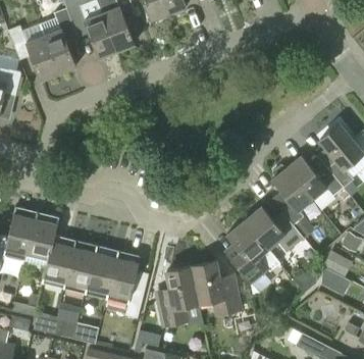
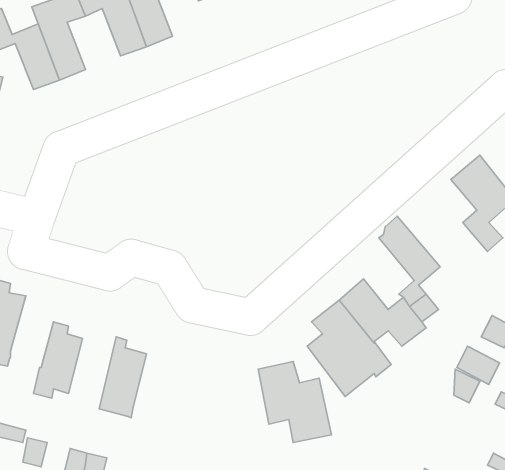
building: [283,155,344,198] -> none
building: [24,214,59,265] -> none
building: [64,243,96,293] -> none
building: [106,253,148,318] -> none
building: [155,266,198,327] -> none

